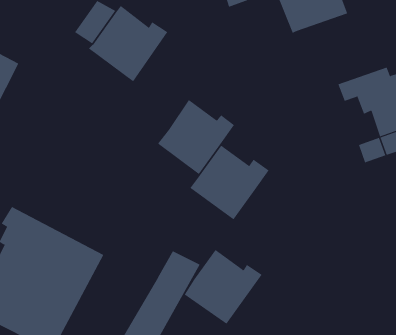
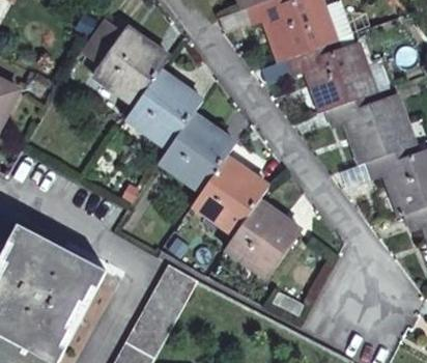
building: none -> [290,40,376,108]
building: none -> [122,78,200,151]
building: [184,249,263,325] -> [220,210,295,282]

